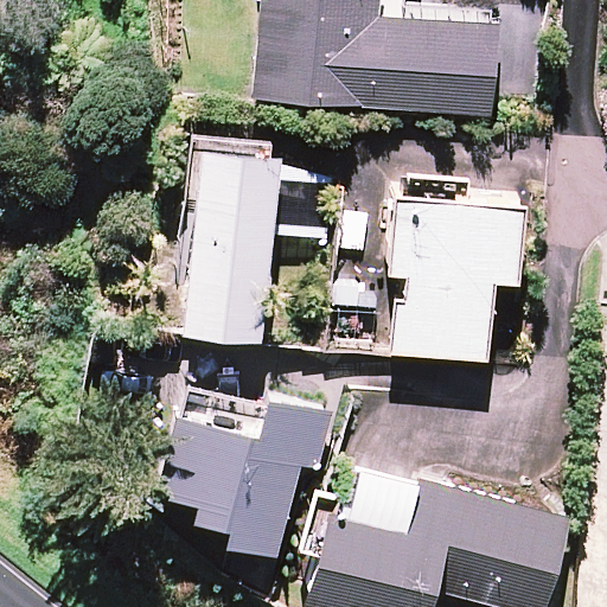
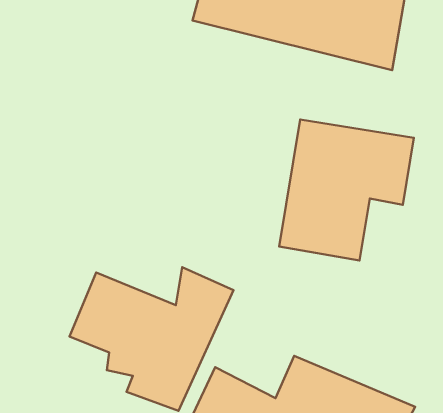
building: [183,151,286,343] -> none

